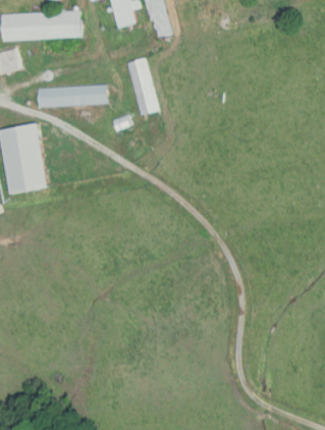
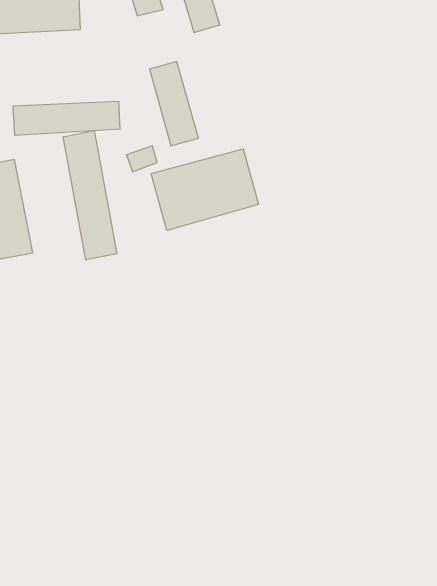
building: none -> [63,131,117,260]
building: none -> [151,149,259,230]

